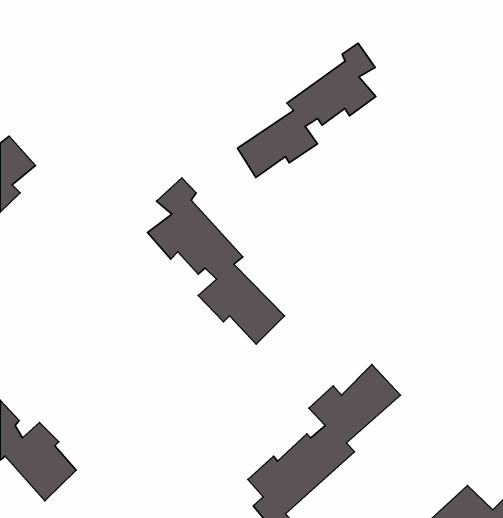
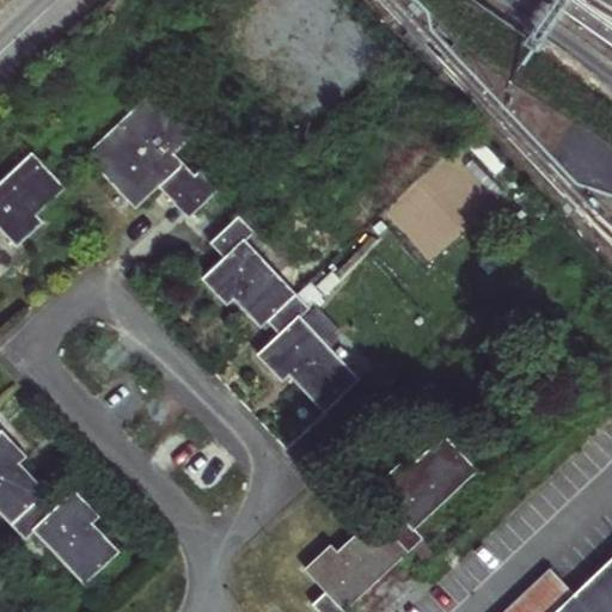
building: [237,43,376,177] -> none
building: none -> [72,81,208,208]

